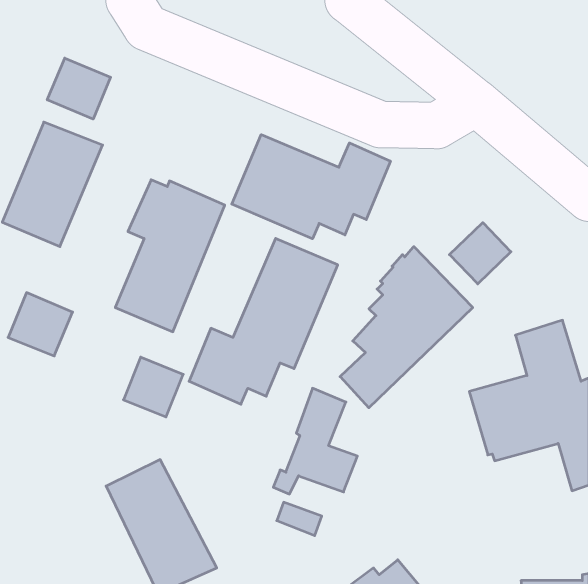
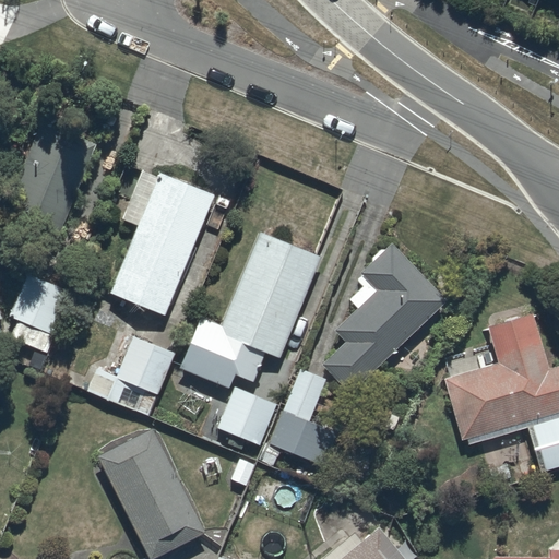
building: [47,58,111,119] -> none
building: [232,135,390,239] -> none
building: [449,223,511,284] -> none
building: none -> [217,390,275,448]

